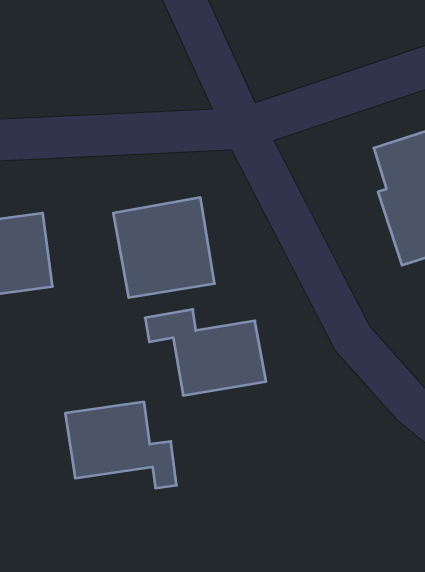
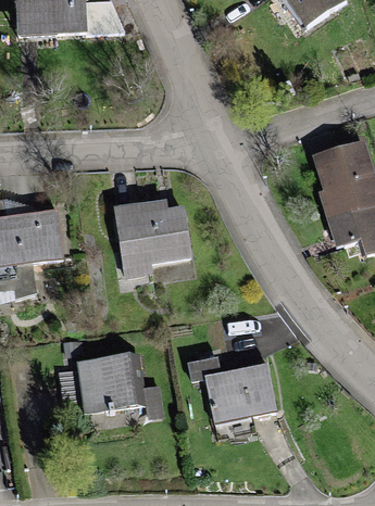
building: [145,309,266,395] -> [186,355,279,421]

